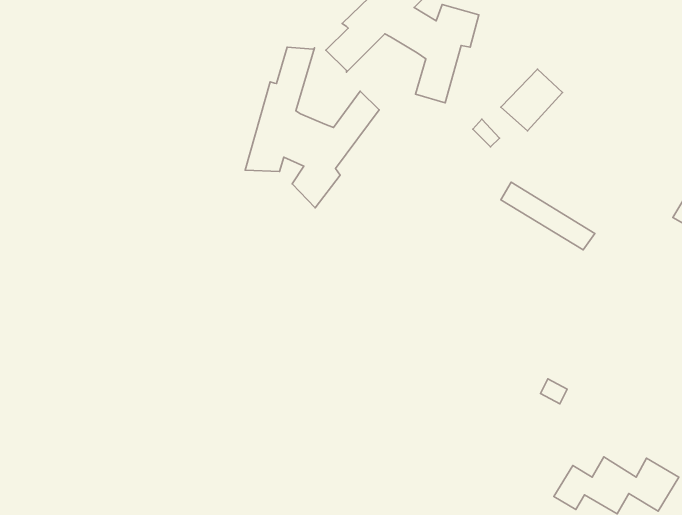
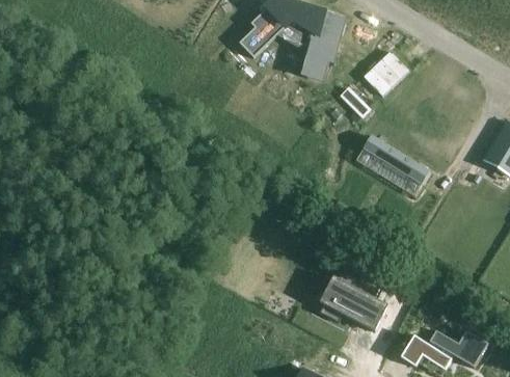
building: [245,47,379,208] -> none
building: none -> [320,270,388,331]

